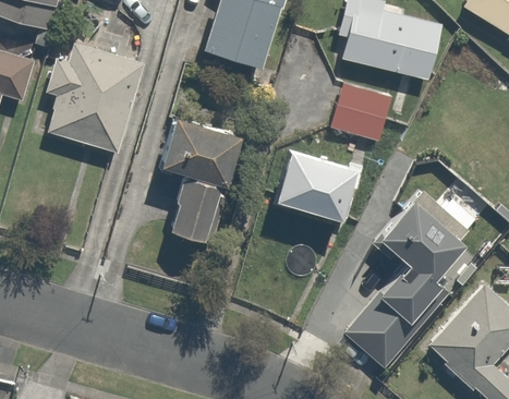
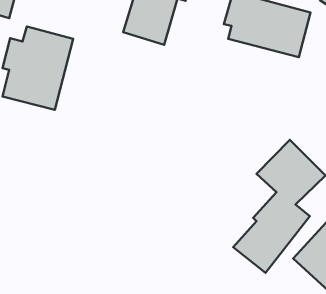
building: [334,82,398,144] -> none
building: [156,116,240,245] -> none
building: [272,145,353,220] -> none

